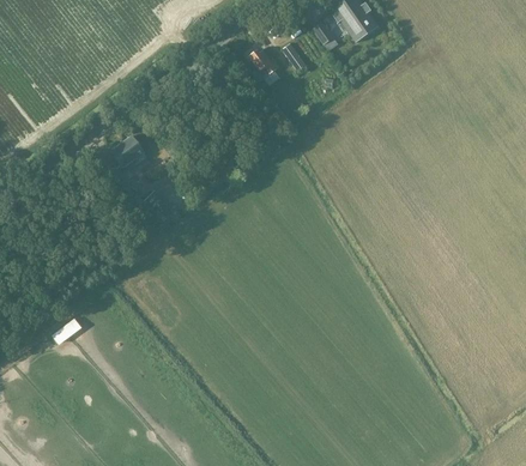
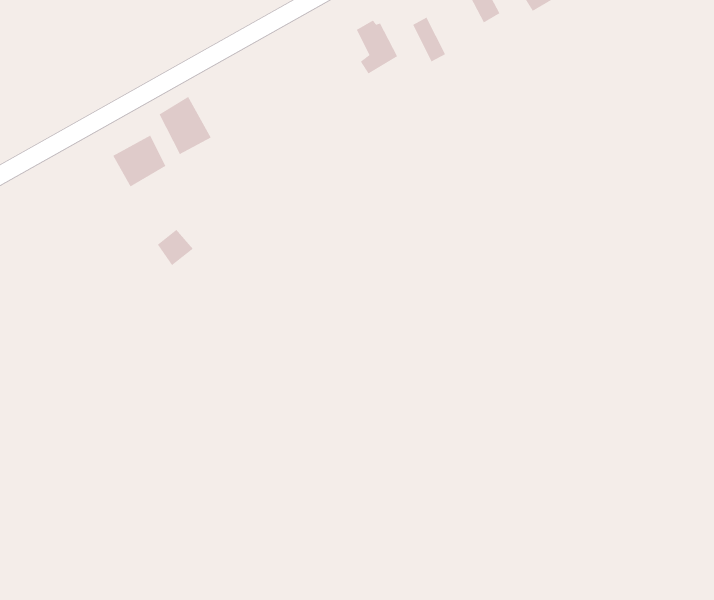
building: none -> [158,96,212,155]

